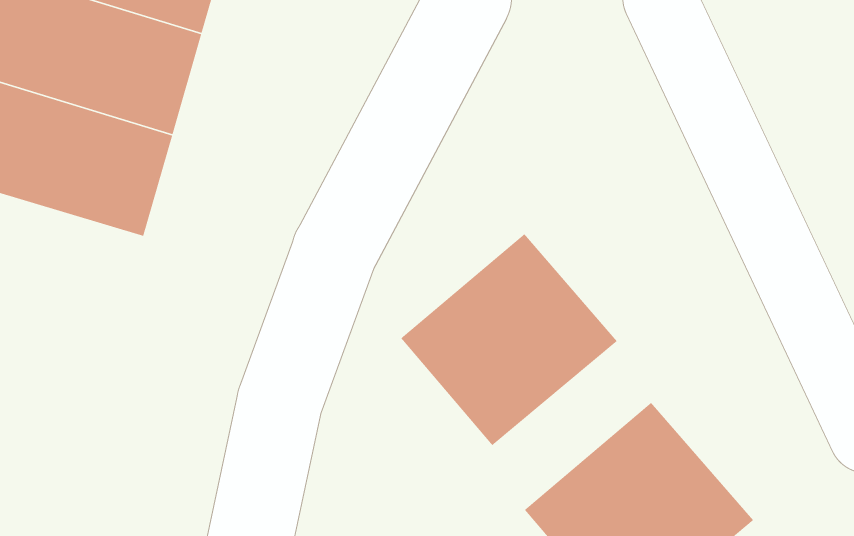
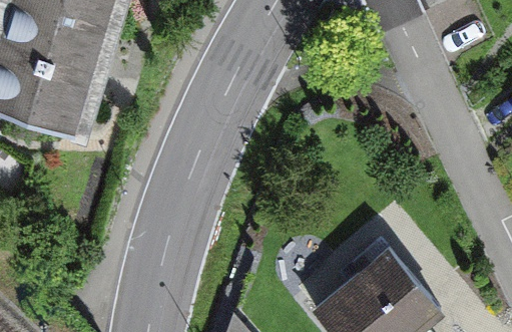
building: [400,233,618,446] -> none

